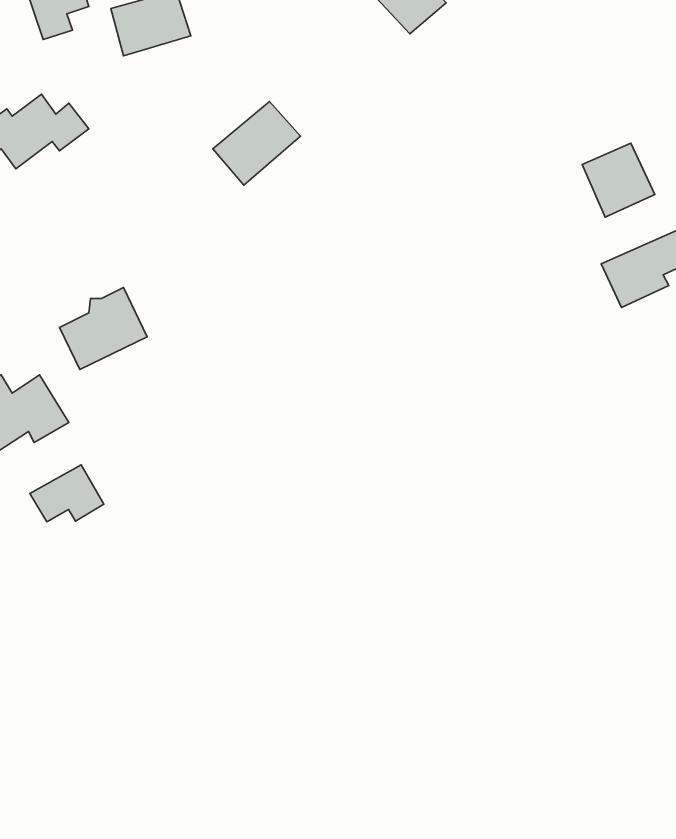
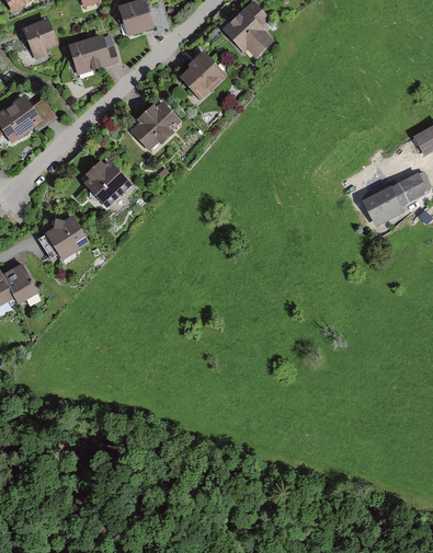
building: none -> [178,49,228,99]
building: [582,143,655,217] -> none
building: none -> [84,158,136,209]
building: [30,465,104,522] -> none

